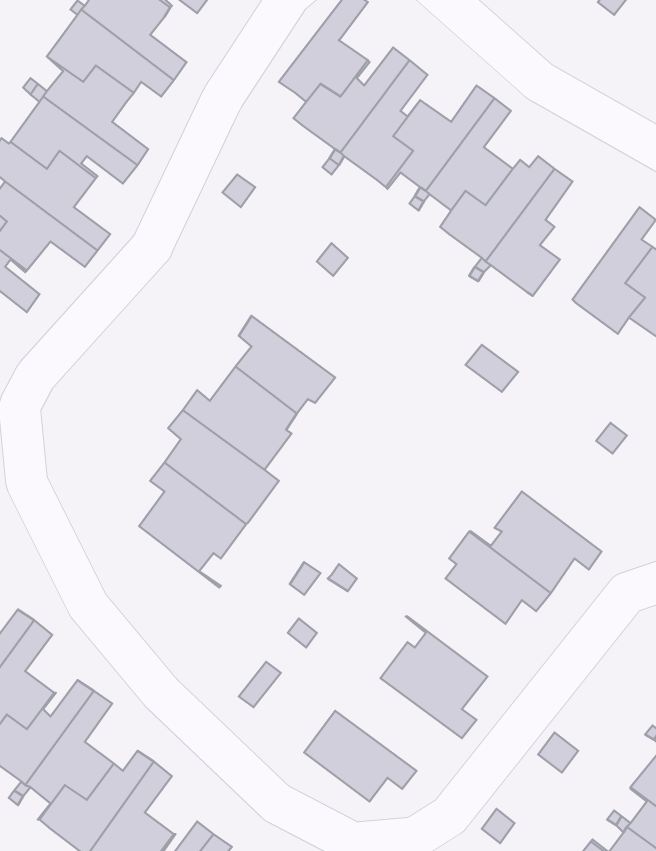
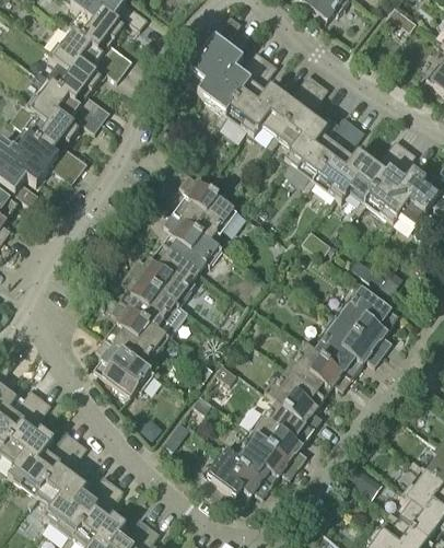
building: none -> [340,139,405,202]
building: none -> [171,173,236,249]
building: none -> [334,289,398,354]
building: none -> [92,339,151,398]
building: none -> [265,371,324,430]
building: none -> [221,431,297,487]

